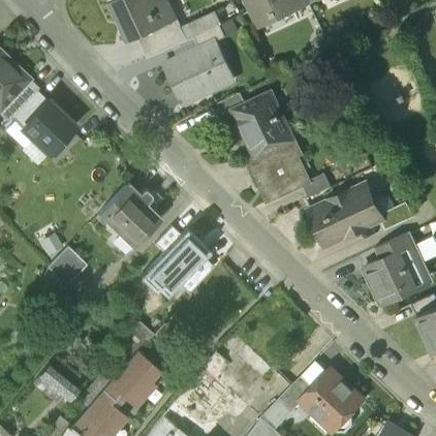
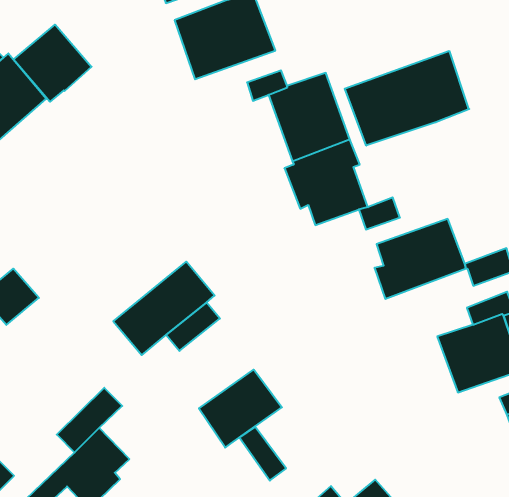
building: none -> [345,51,469,146]
building: none -> [13,25,92,102]
building: [97,183,159,247] -> none
building: none -> [199,370,282,448]

